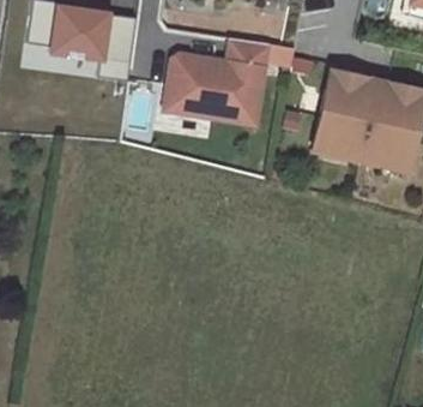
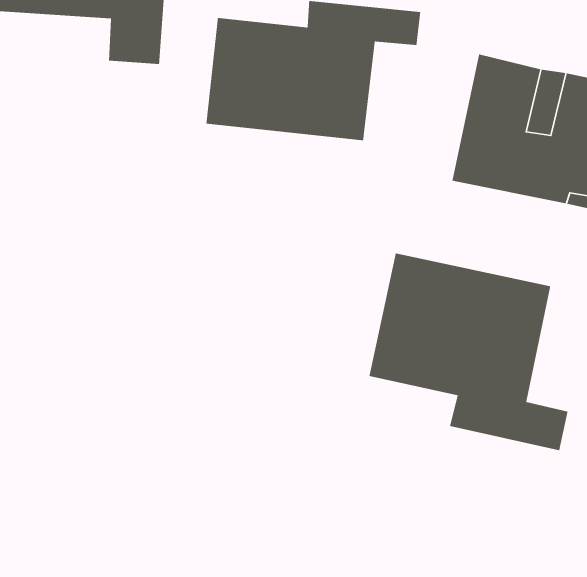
building: none -> [368,252,568,451]

